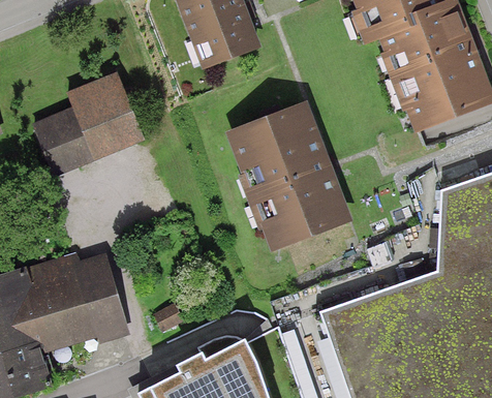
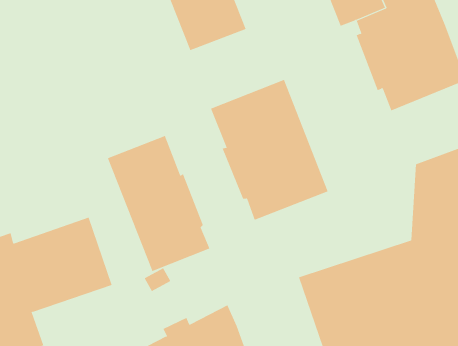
building: [32,72,139,177] -> none
building: none -> [107,135,210,272]

